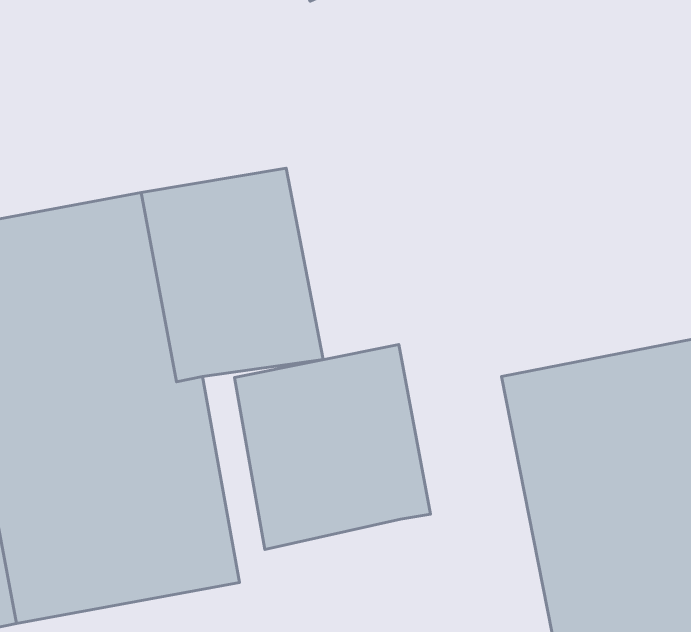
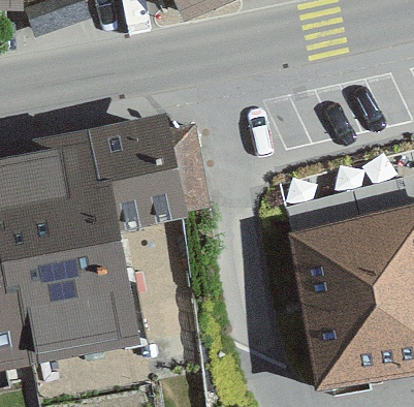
building: [235,344,431,550] -> none

